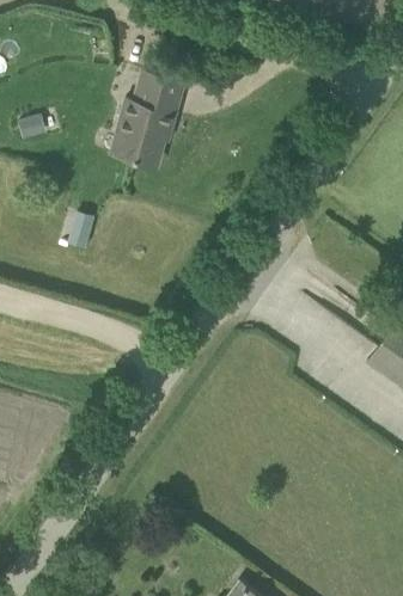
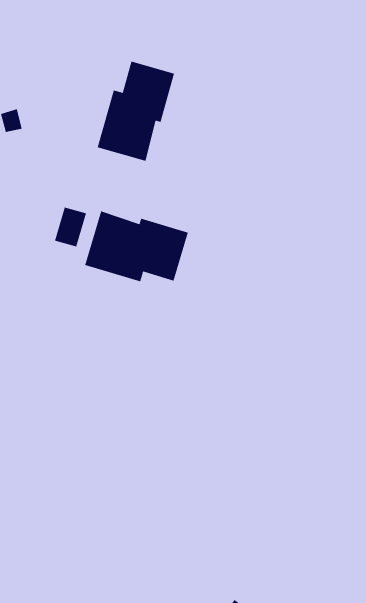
building: none -> [84,211,188,282]

